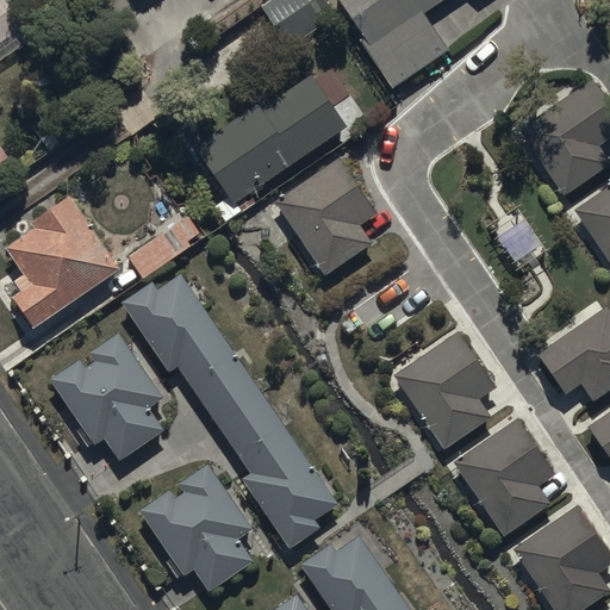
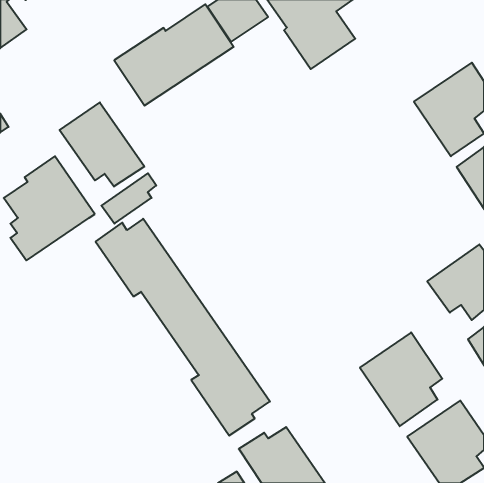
building: [197,75,347,203] -> [114,4,234,106]
building: none -> [60,102,144,187]
building: [273,157,375,275] -> none
building: [51,332,164,461] -> none
building: [397,334,499,448] -> none
building: [138,463,255,593] -> none

